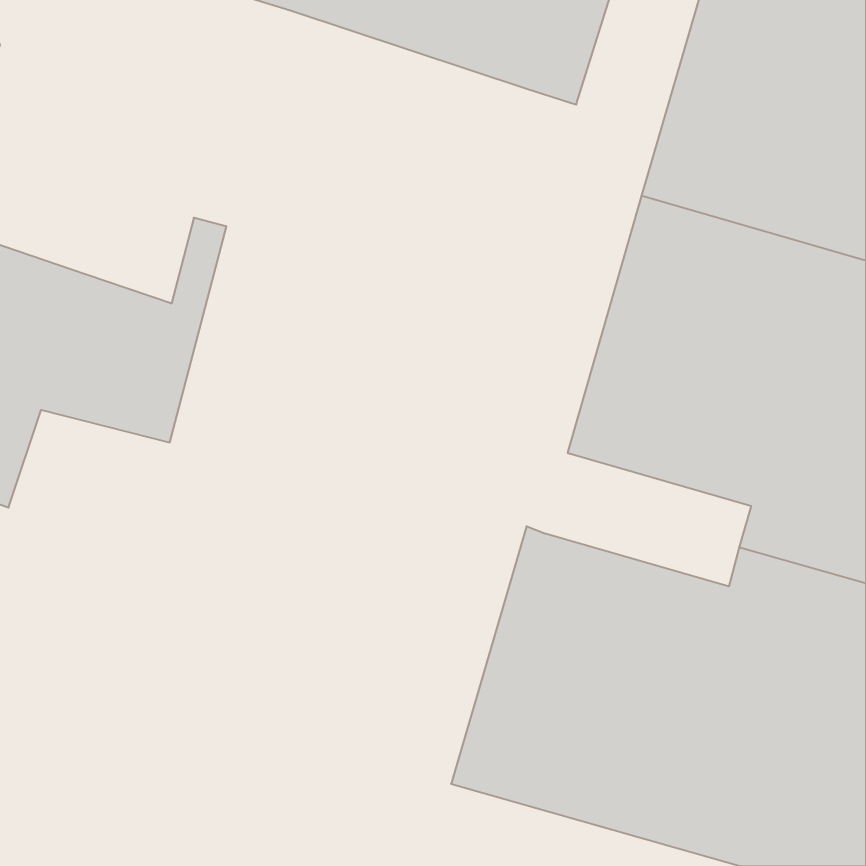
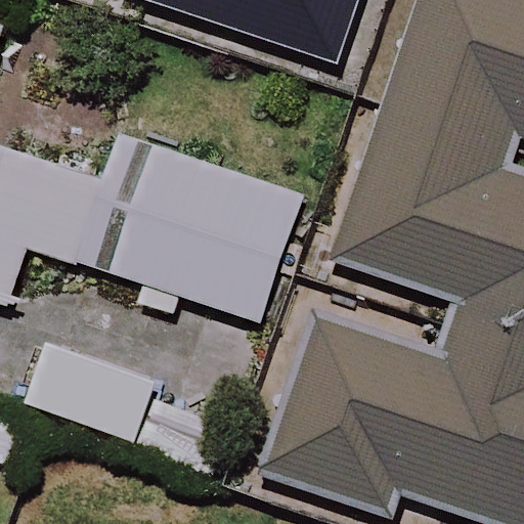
building: none -> [113,147,300,320]

